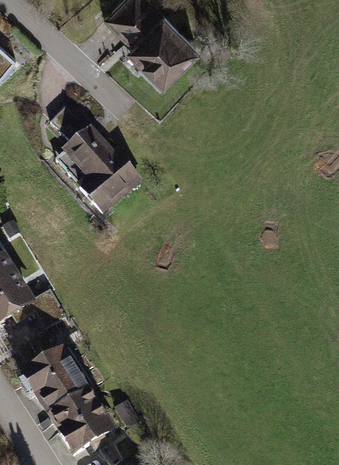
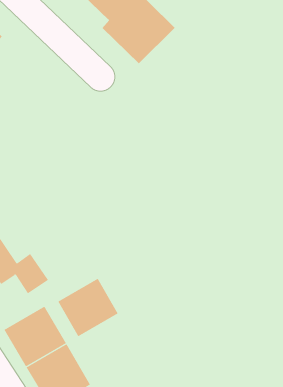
building: [49,105,141,214] -> none
building: none -> [57,278,119,337]

